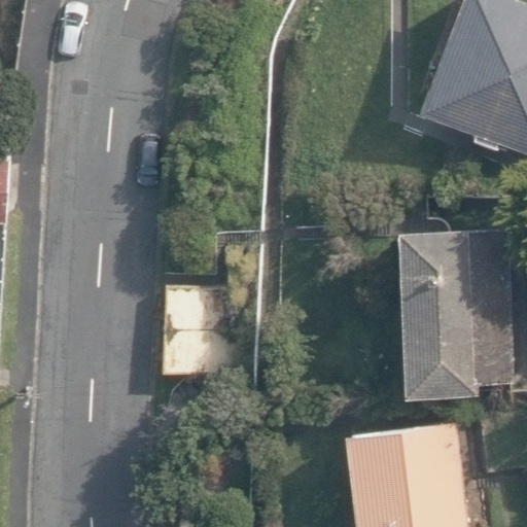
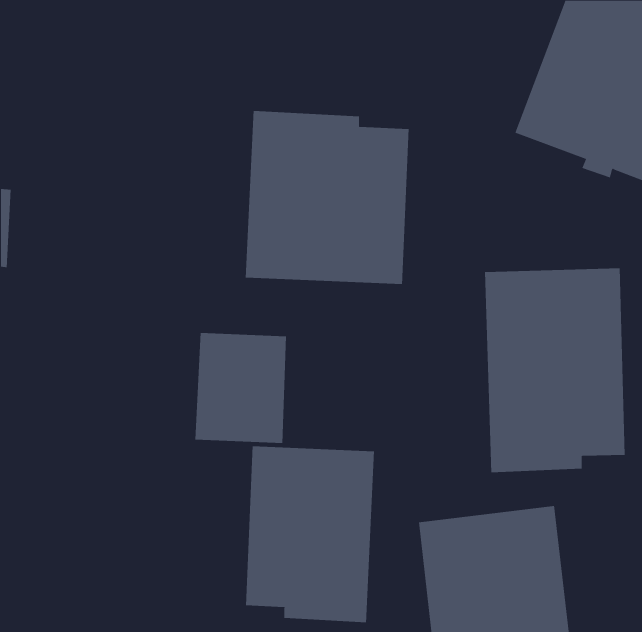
building: none -> [245,110,409,285]
building: none -> [245,445,375,623]

